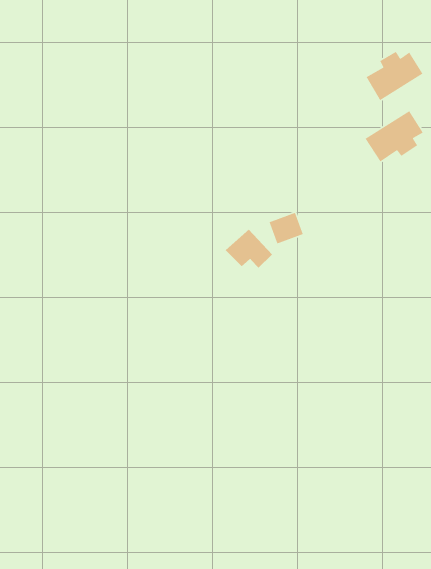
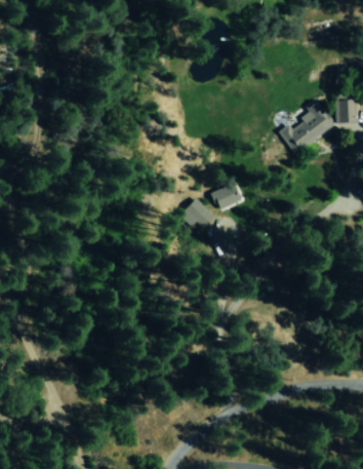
building: [365,51,423,101] -> none

